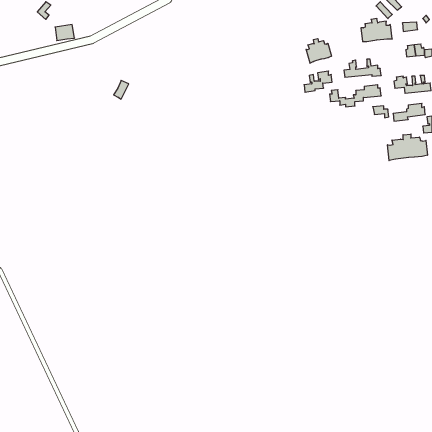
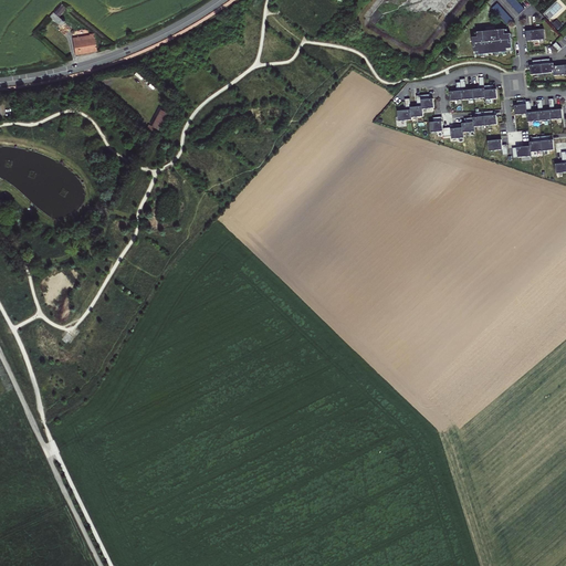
building: [306,39,331,63] -> none
building: [388,134,427,161] -> none

